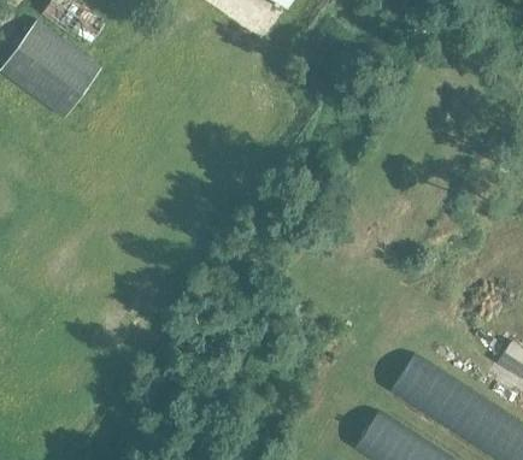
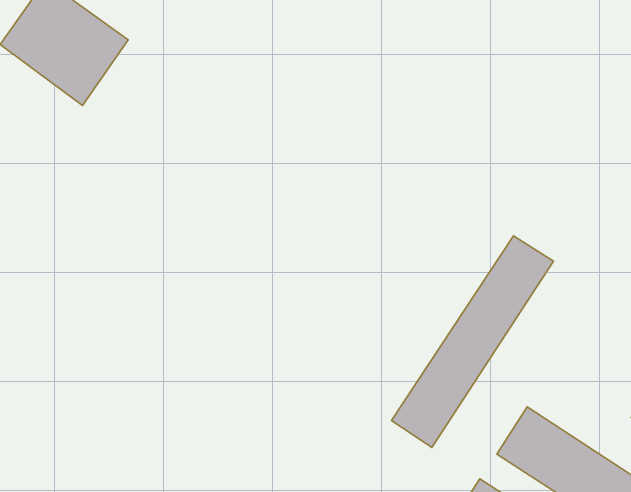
building: none -> [391,236,553,447]

